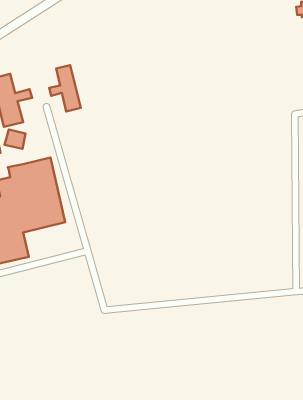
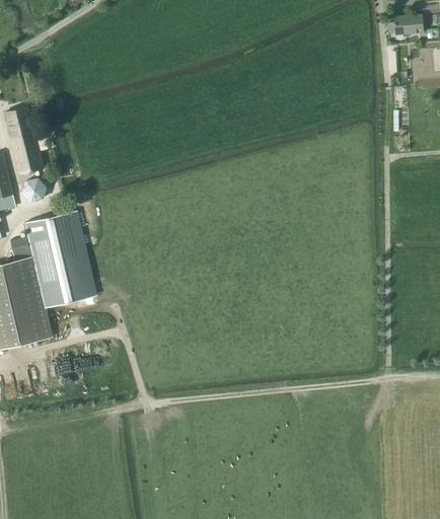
building: [49,65,81,111] -> none

